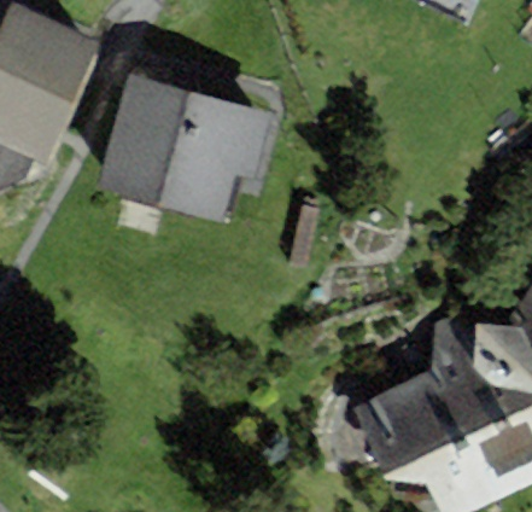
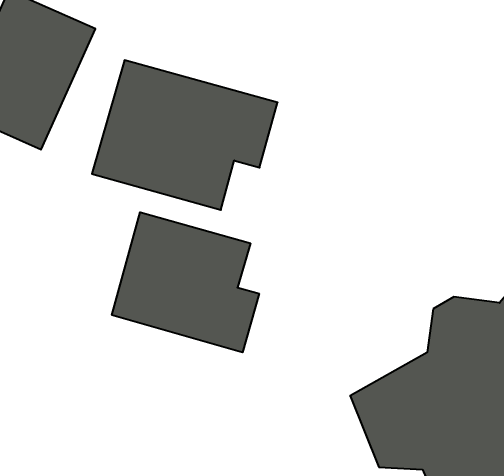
building: none -> [112,212,259,352]

